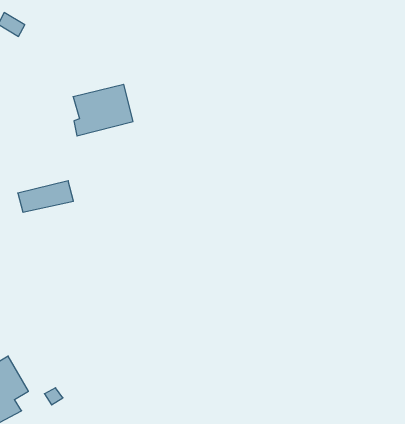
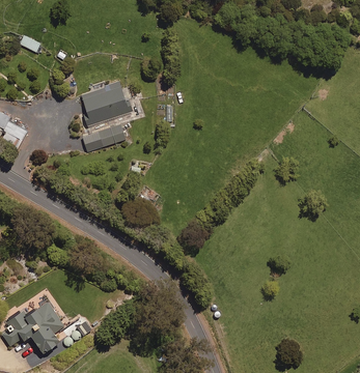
building: [18,181,73,212] -> [83,123,127,150]

